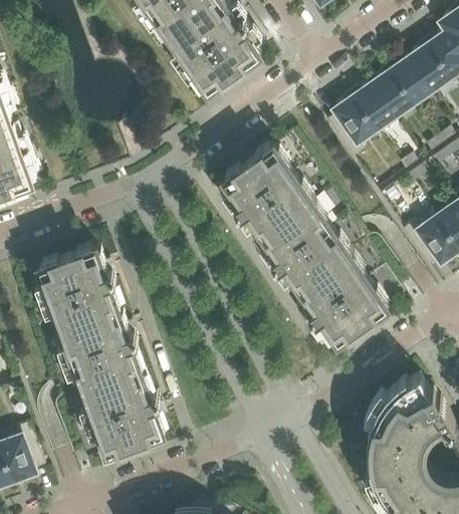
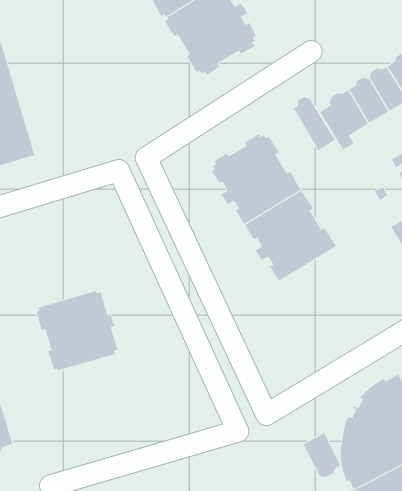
building: none -> [293,96,336,151]
building: [34,246,118,330] -> none
building: [293,252,384,343] -> none
building: [78,371,163,456] -> none
building: none -> [303,433,341,478]

